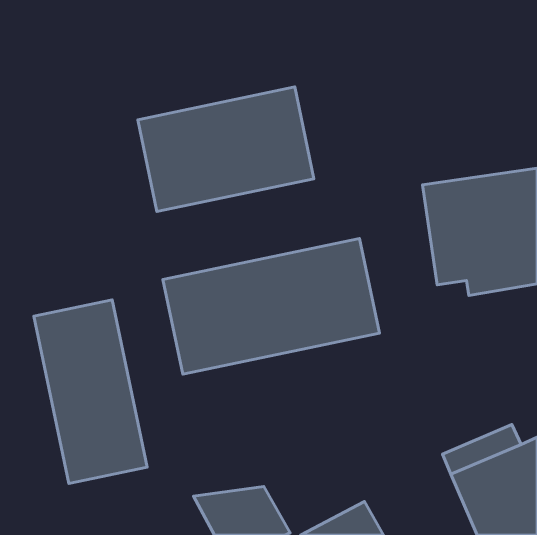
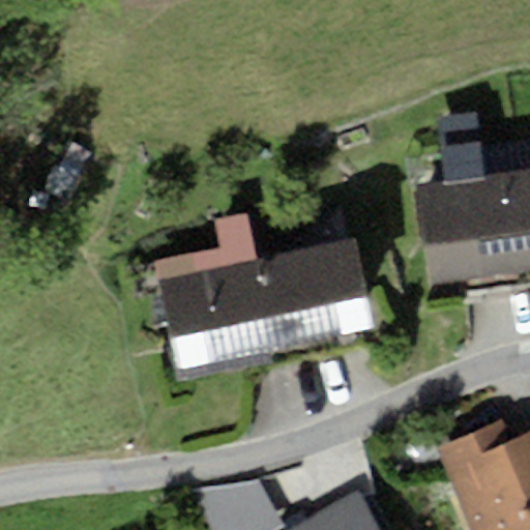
building: [138,87,314,212] -> none
building: [34,300,147,483] -> none

